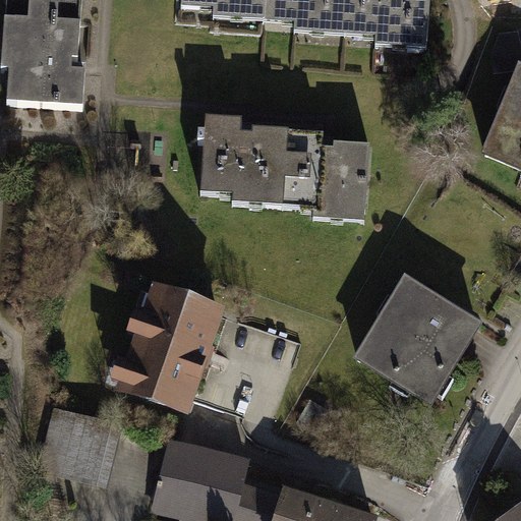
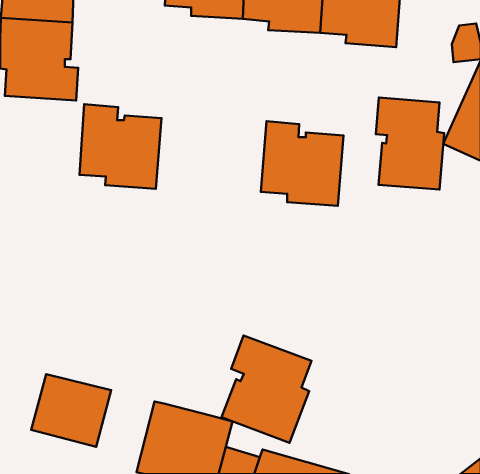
building: none -> [376,98,444,190]
building: [200,116,289,208] -> [80,104,161,189]
building: [355,266,488,400] -> none
building: [110,288,224,421] -> none
building: none -> [222,335,312,443]

